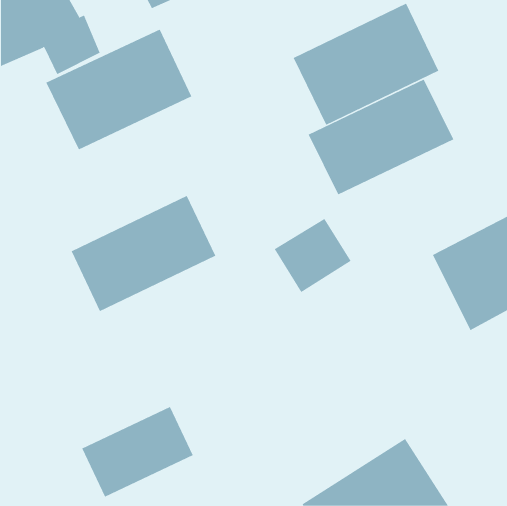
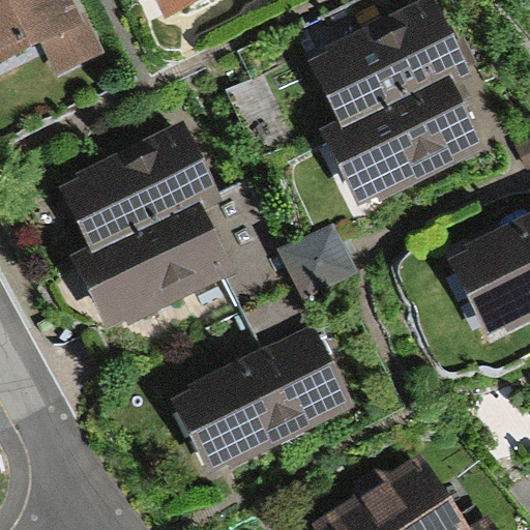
building: [46,29,192,150] -> [59,125,211,252]
building: none -> [173,333,344,468]
building: [81,406,194,497] -> none

